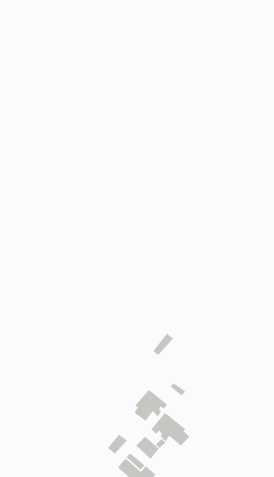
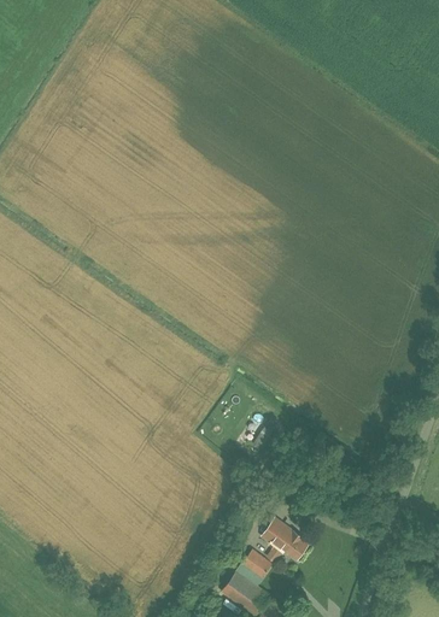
building: [134,389,168,422] -> none

